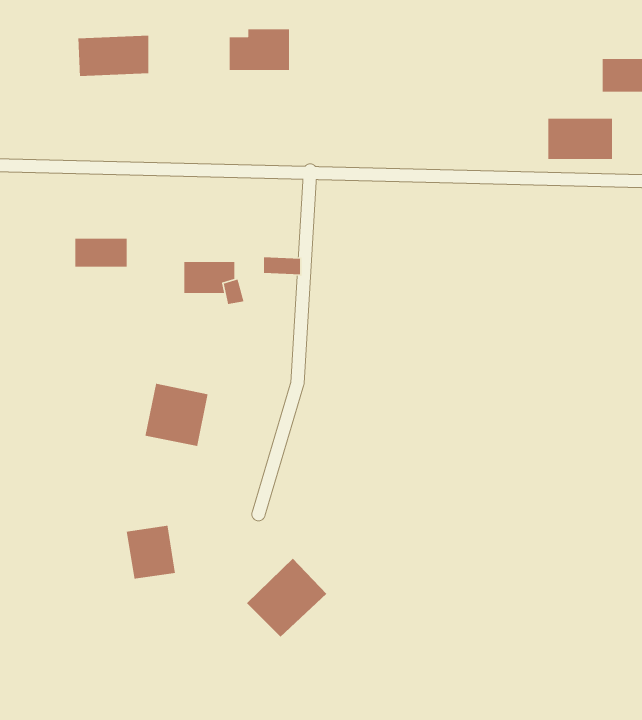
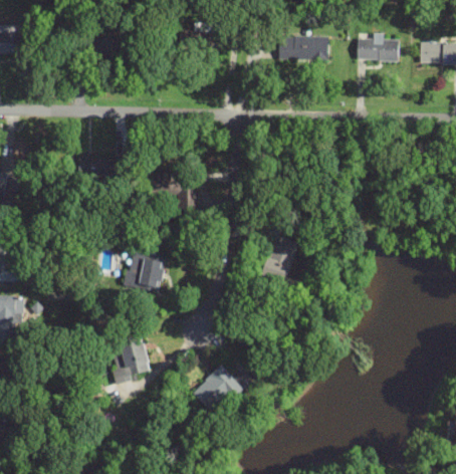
building: none -> [278,36,329,59]
building: [547,118,613,160] -> [358,34,400,61]
building: none -> [264,235,298,282]

